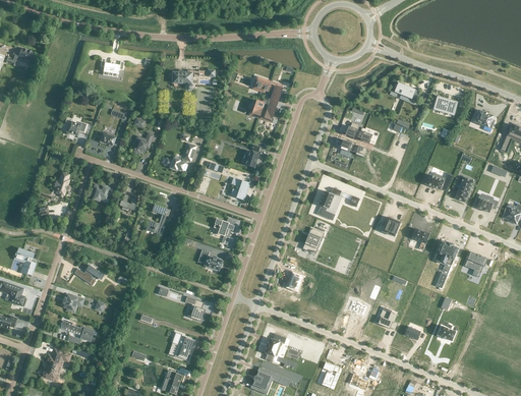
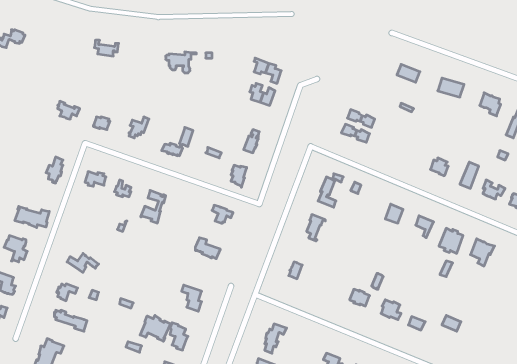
building: none -> [15,206,49,228]
building: none -> [140,315,171,341]

